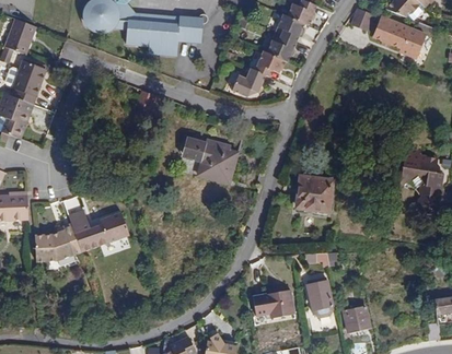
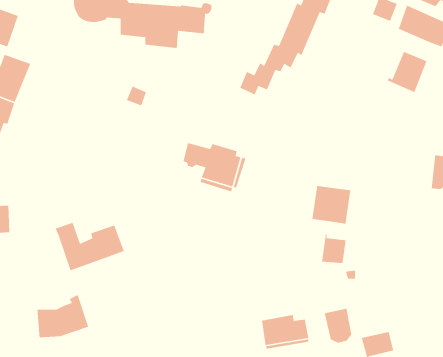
building: none -> [387,51,427,93]
building: none -> [321,234,346,264]
building: [34,222,81,261] -> [36,294,89,338]

